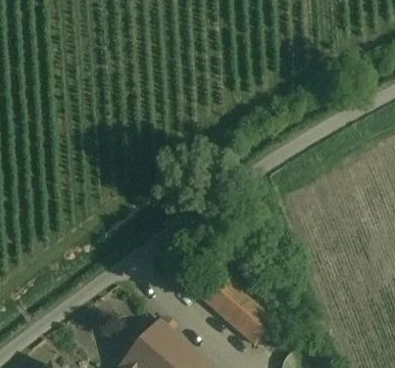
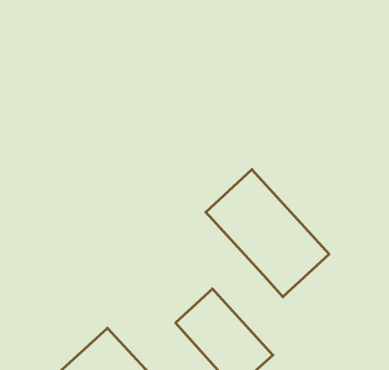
building: none -> [206,169,329,297]

